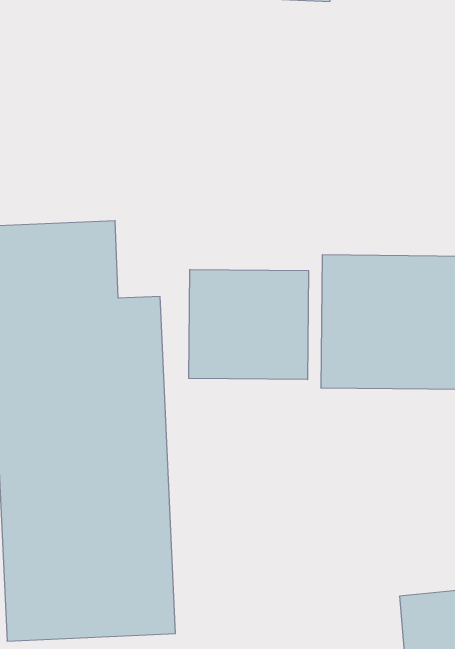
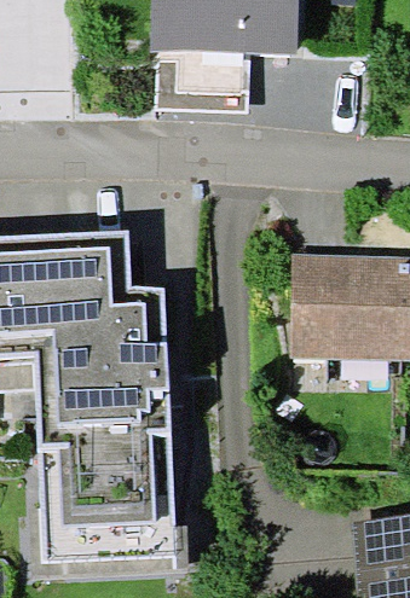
building: [189,269,309,380] -> none

